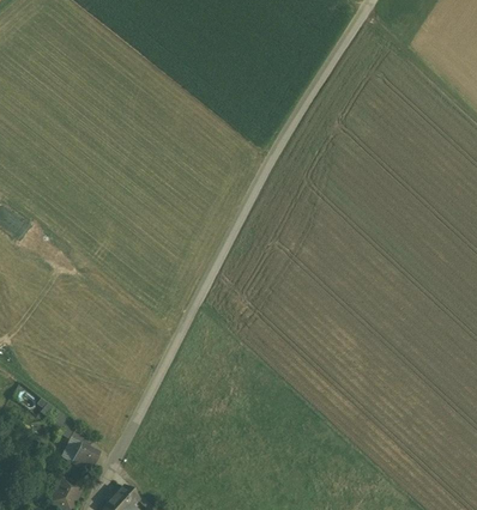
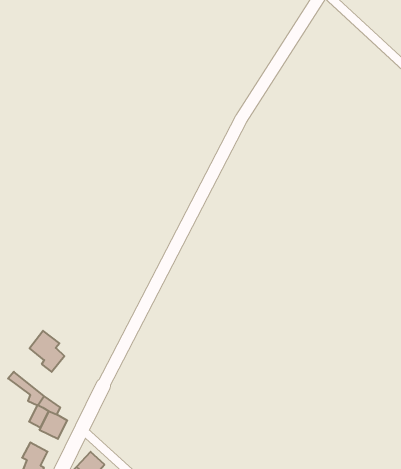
building: none -> [30,331,64,372]

